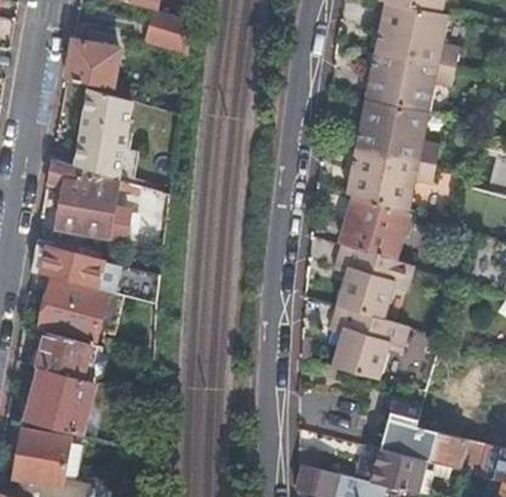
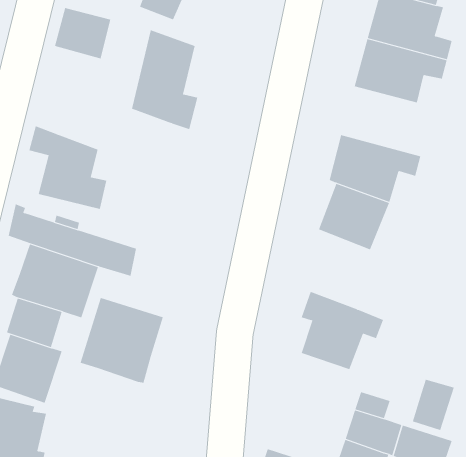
building: [74,87,140,184] -> [131,29,198,130]
building: [354,99,439,164] -> none
building: [331,244,414,320] -> none
building: none -> [80,297,163,383]
building: none -> [412,379,454,431]

